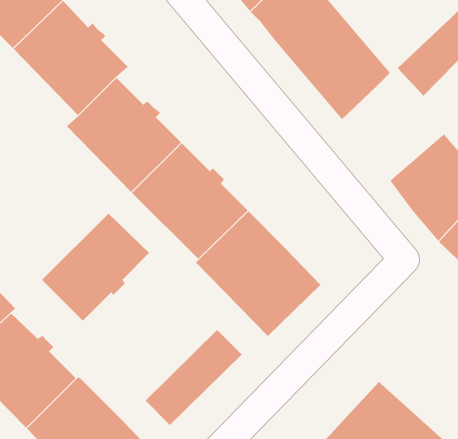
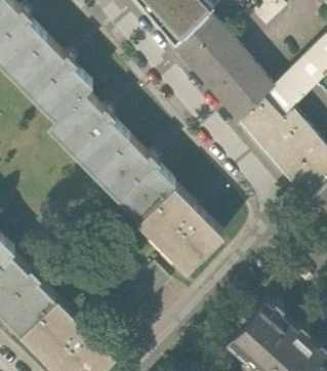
building: none -> [239,96,310,162]
building: [41,213,150,321] -> none

